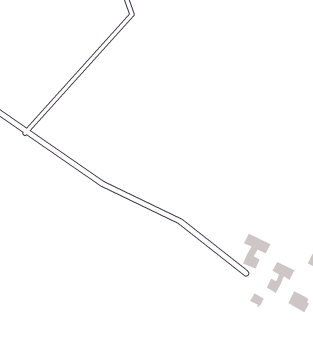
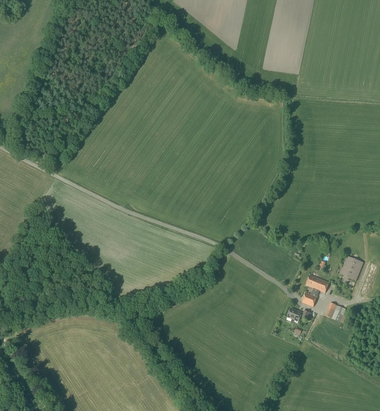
building: [242,233,271,269] -> none

